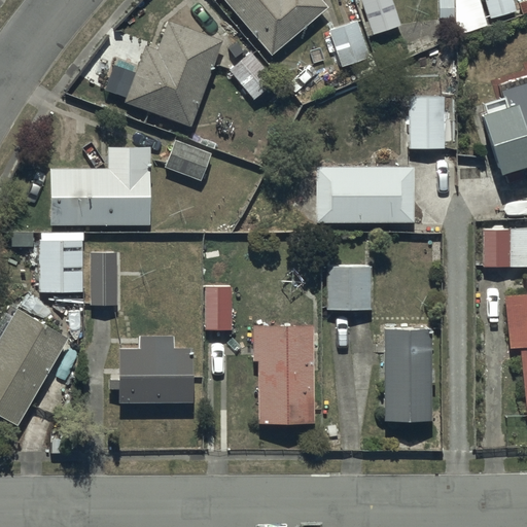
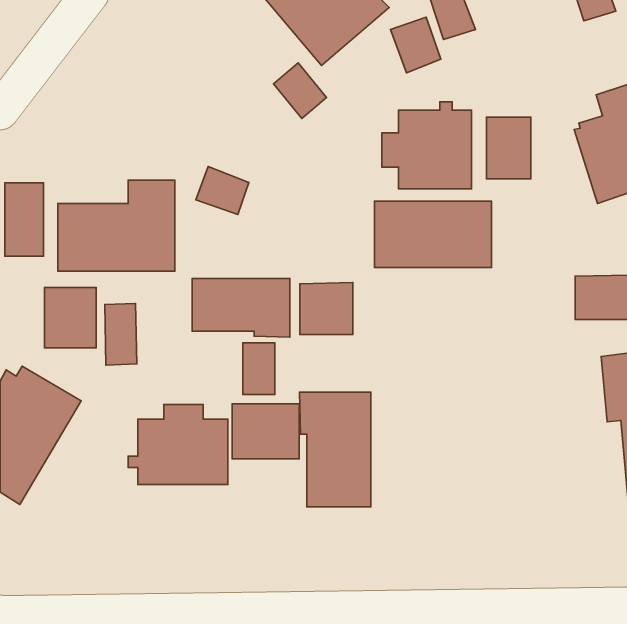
building: [124,21,222,127] -> none
building: none -> [382,102,471,189]
building: none -> [5,183,43,256]
building: none -> [192,278,290,337]
building: [325,258,370,302] -> [300,283,353,334]
building: [383,330,431,421] -> none
building: none -> [232,404,299,459]

